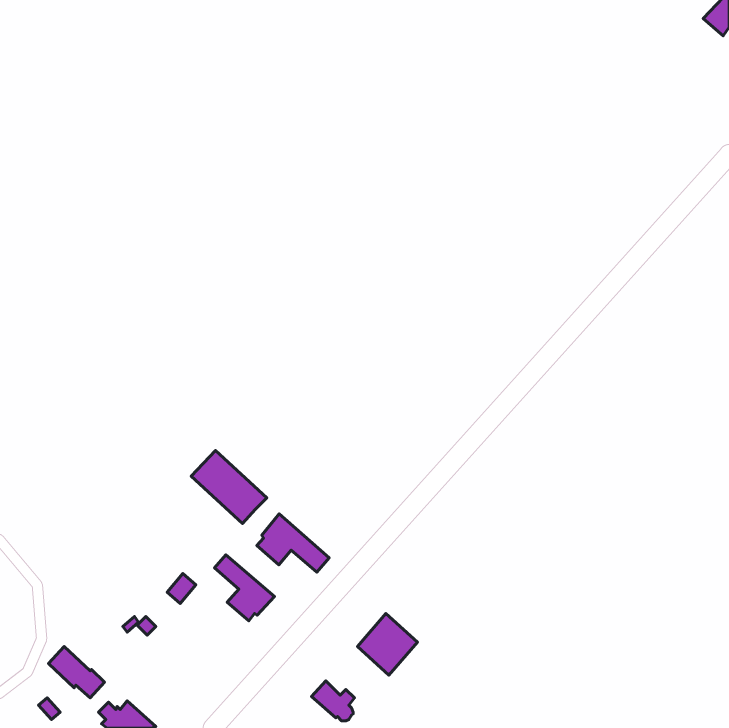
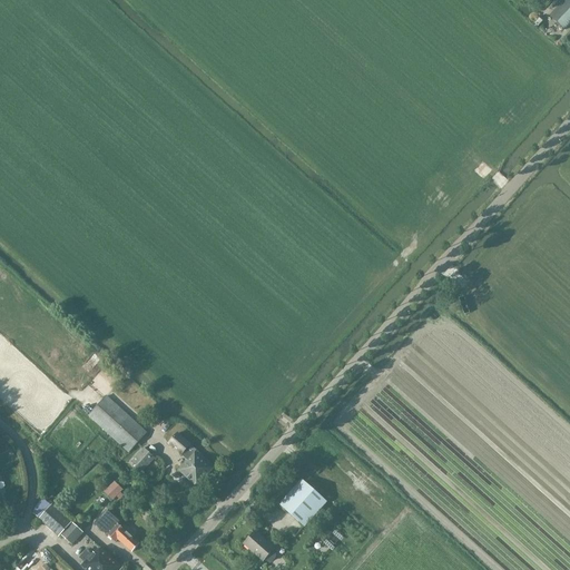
building: [191,451,267,524] -> [87,394,146,451]
building: [257,514,329,572] -> none
building: none -> [94,509,138,550]

